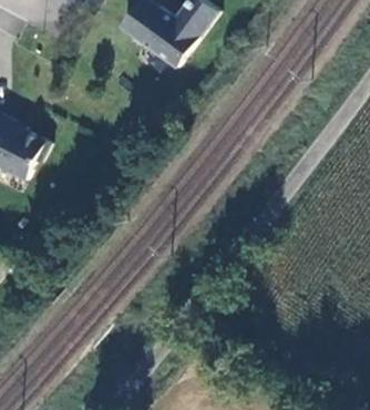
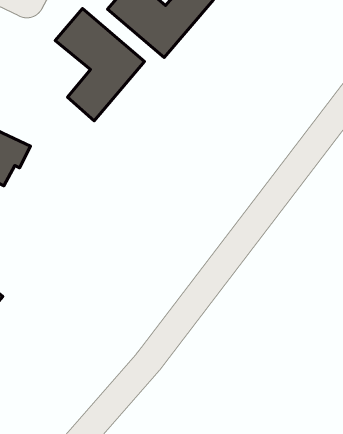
building: none -> [55,9,145,121]

